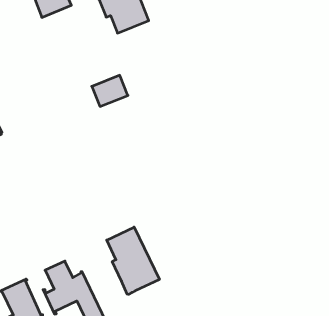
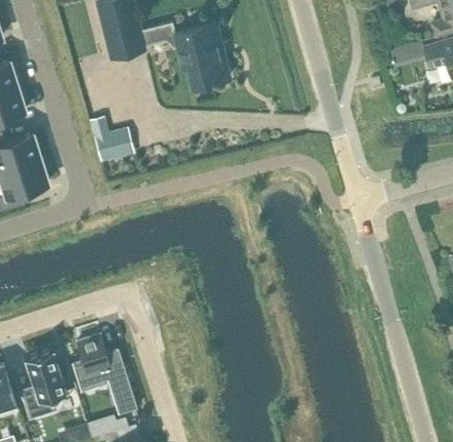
building: [92,75,128,106] -> [95,129,134,161]
building: [107,227,159,294] -> none

